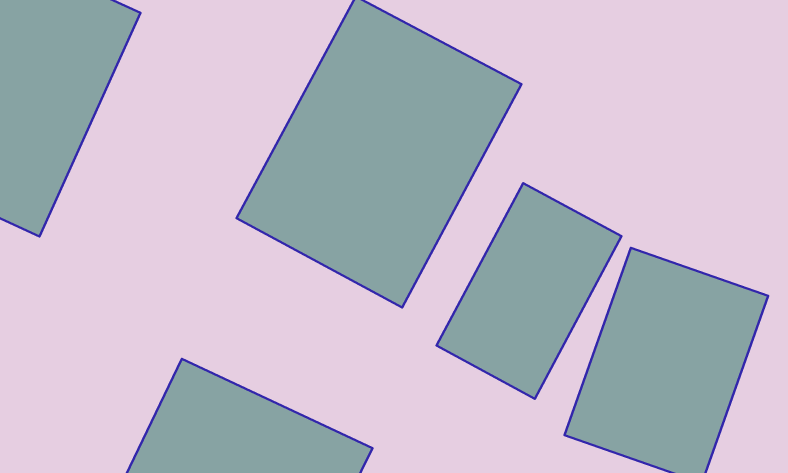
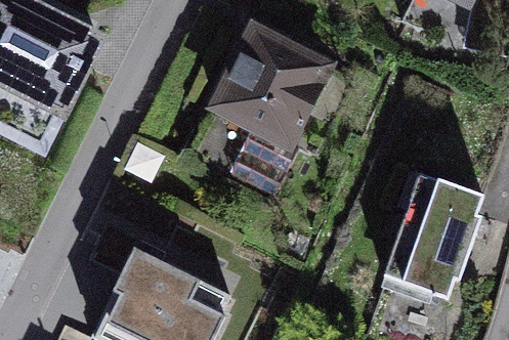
building: [436,183,621,399] -> none

